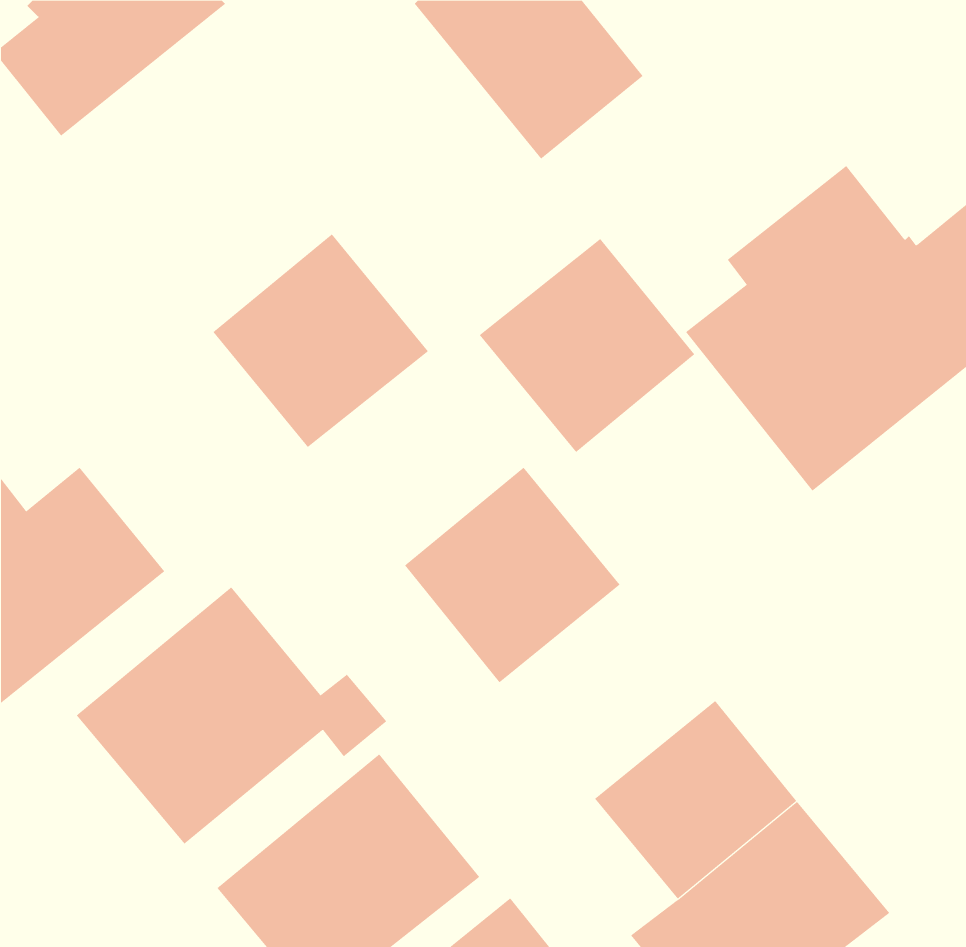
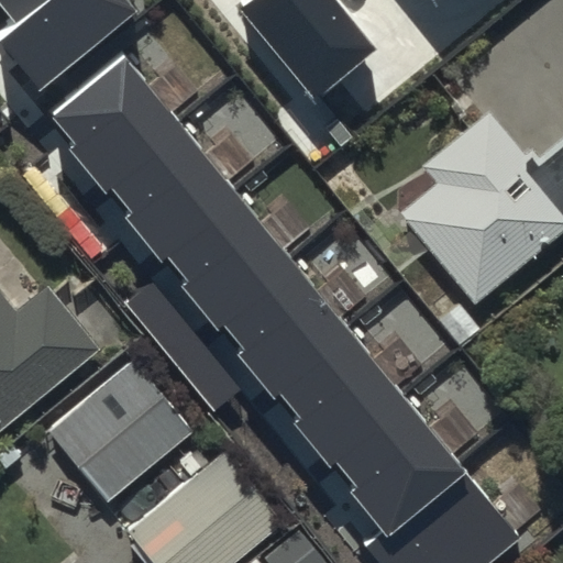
building: none -> [56,65,195,206]
building: [479,238,695,453] -> [180,217,306,341]
building: none -> [291,352,417,476]

